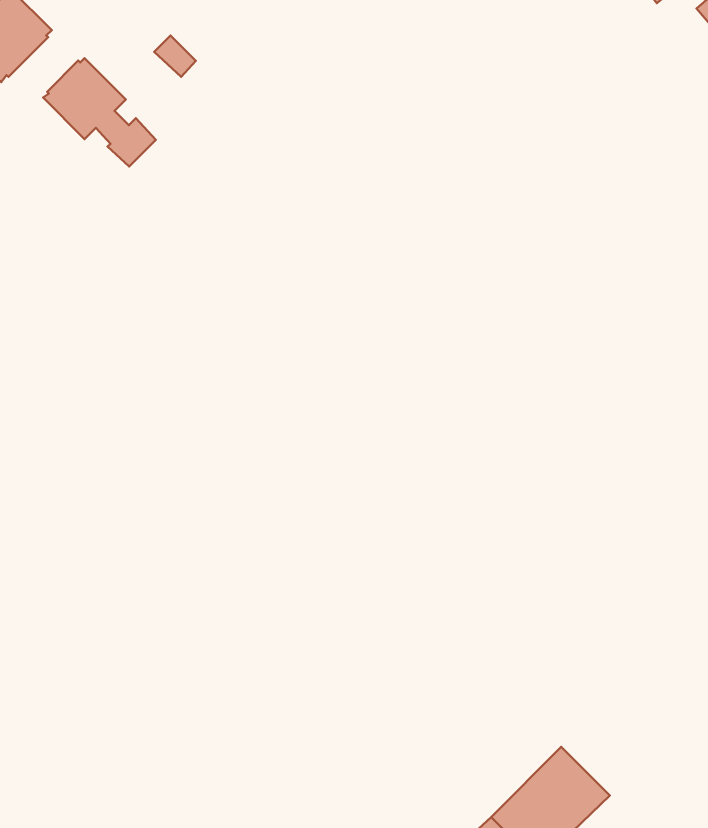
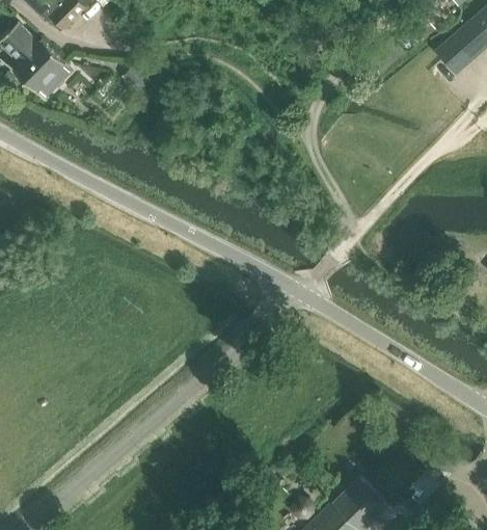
building: [43,58,156,167] -> none

